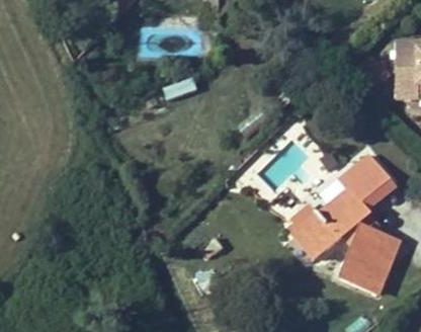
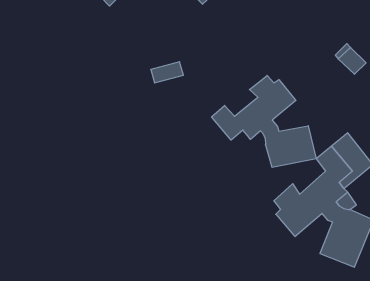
building: none -> [212,75,316,167]

